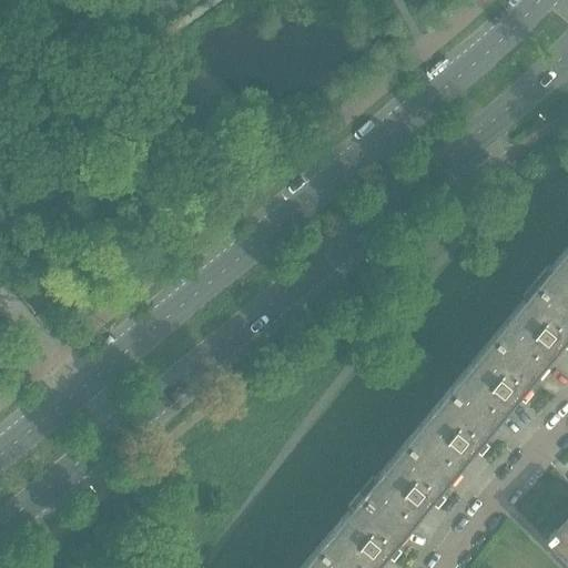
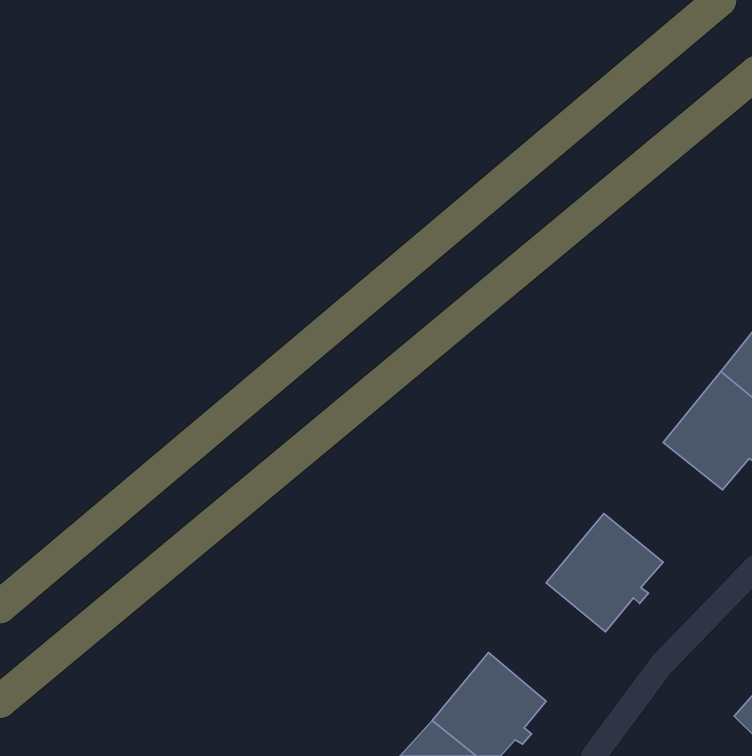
building: [456,332,545,422] -> none
building: [369,437,457,526] -> none

